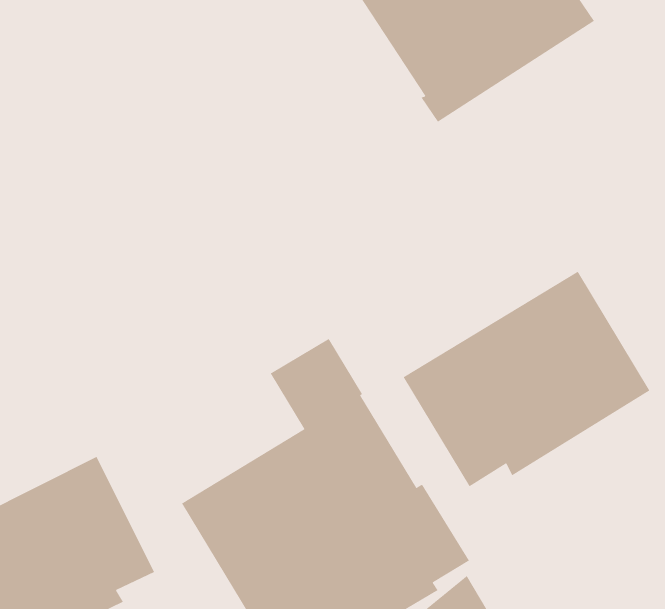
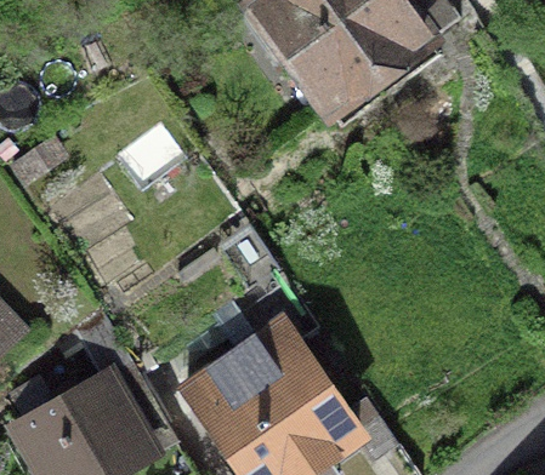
building: [403,271,650,487] -> none

